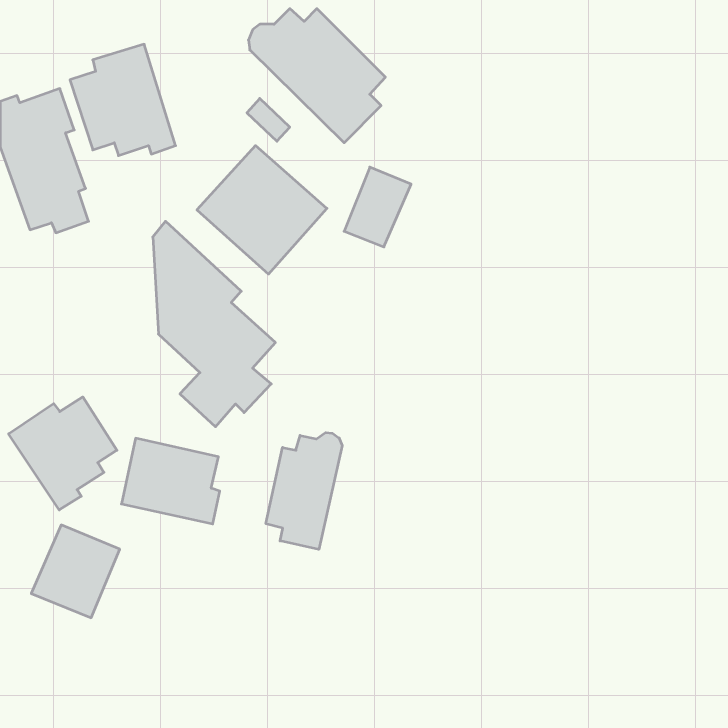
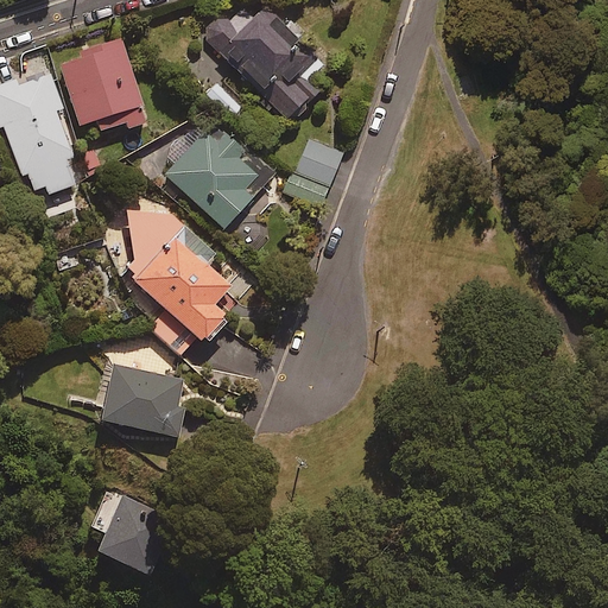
building: [9,397,117,510] -> none
building: [266,433,342,549] -> none
building: [31,525,120,618] -> [100,495,173,572]

